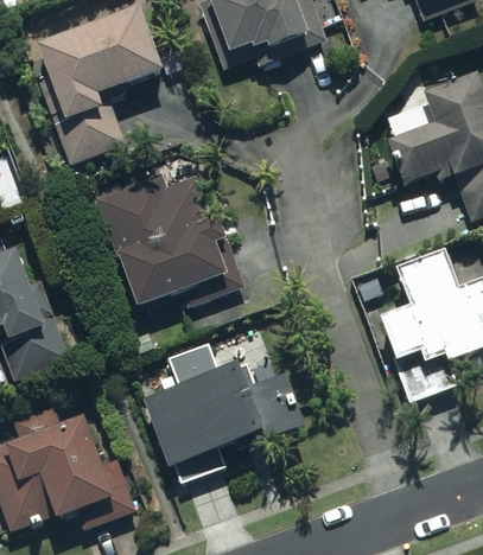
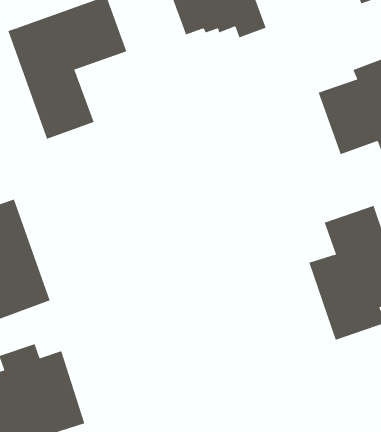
building: [96,170,229,308] -> none
building: [145,340,307,490] -> none

